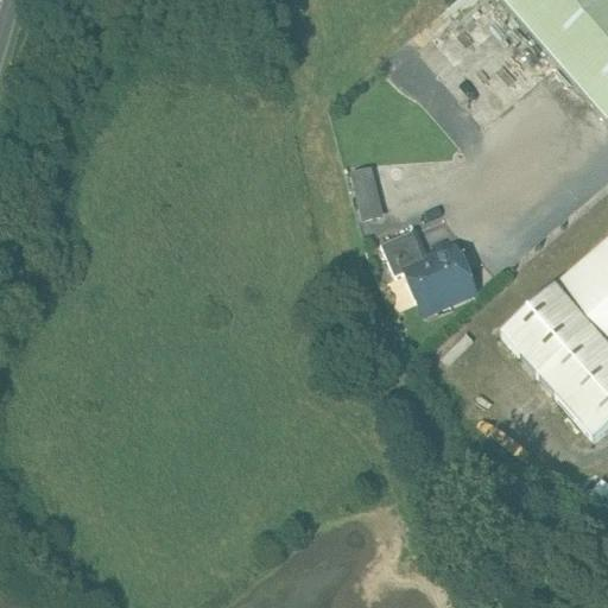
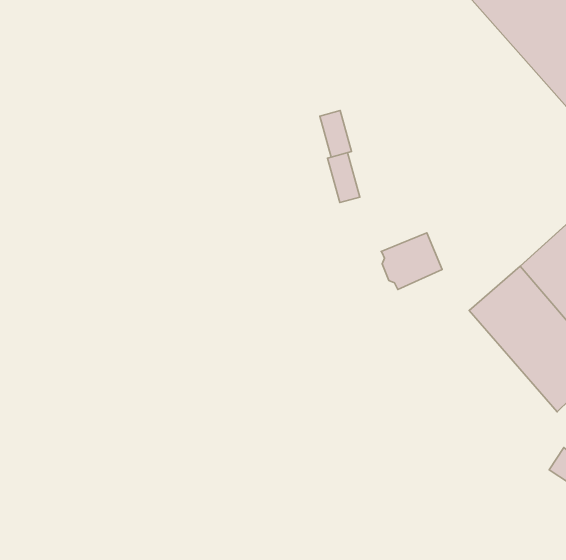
building: none -> [320,111,351,157]
building: [385,229,430,276] -> none

